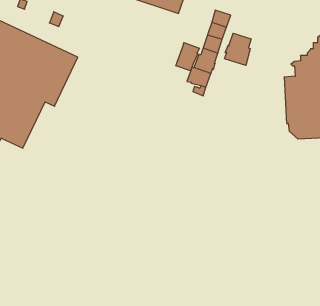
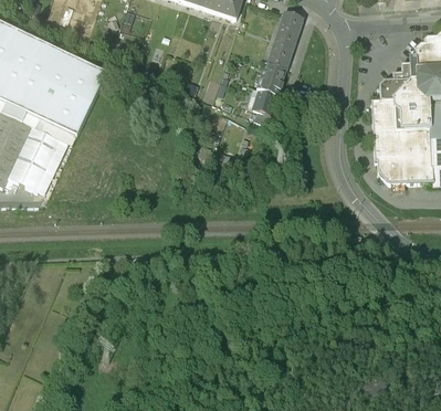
building: [225,33,251,65] -> none
building: [176,43,199,71] -> none

